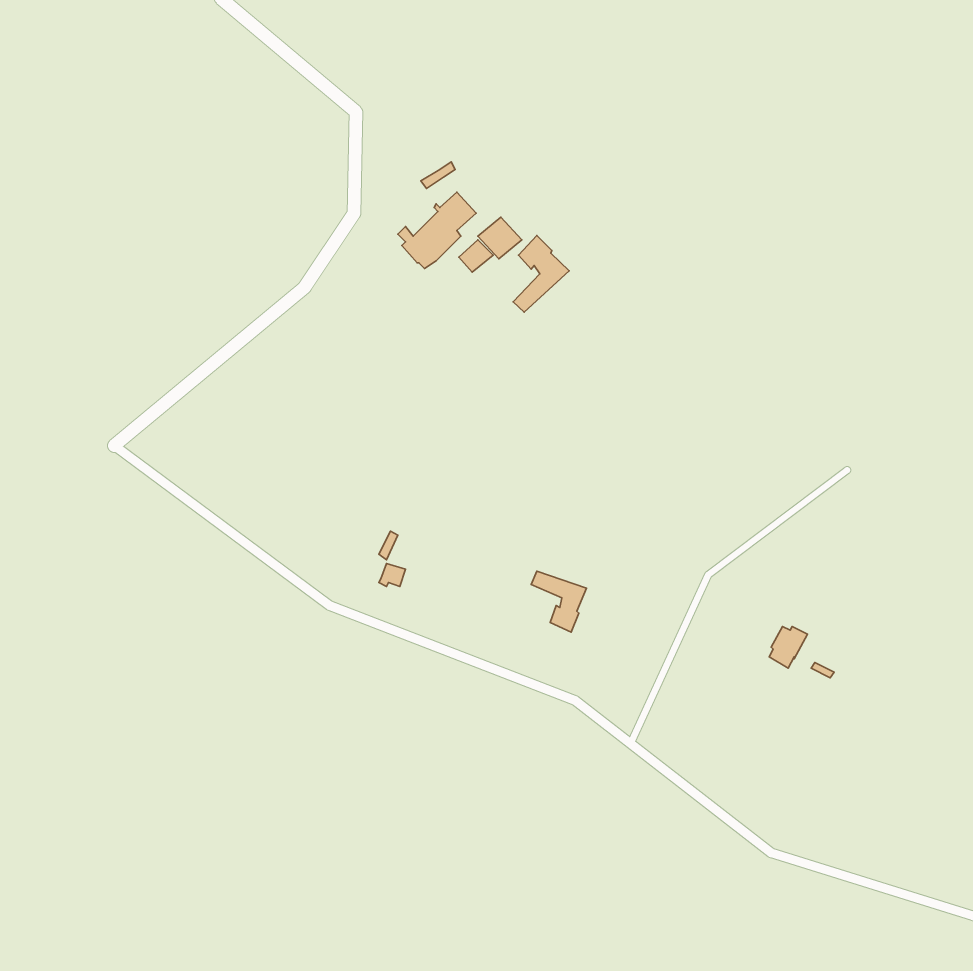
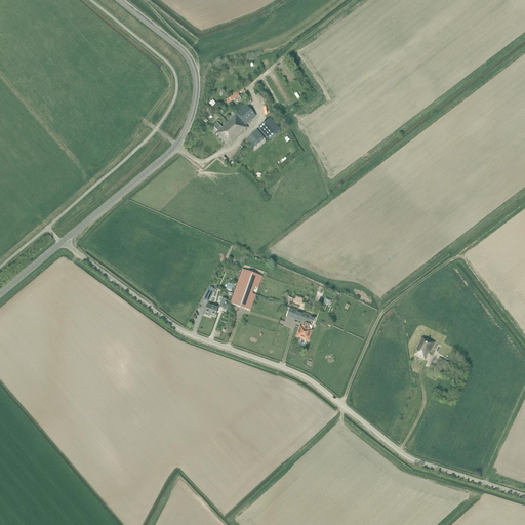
building: [513,236,569,312] -> none
building: none -> [231,269,262,310]

